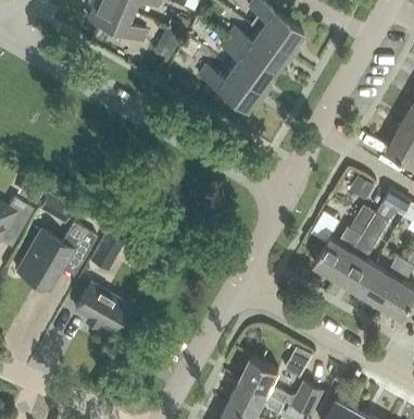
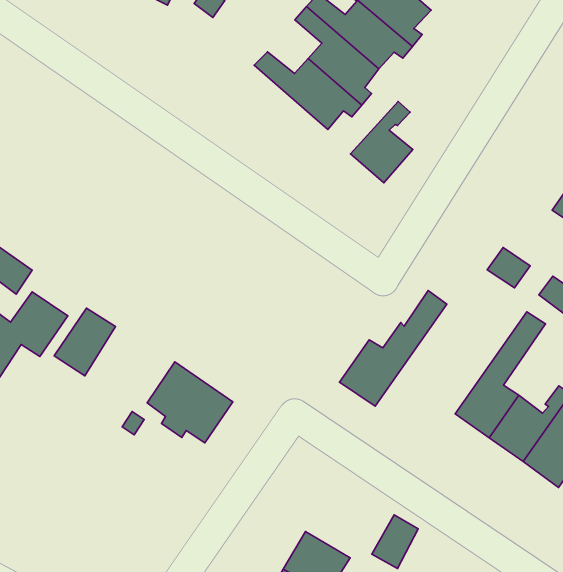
building: none -> [350,102,413,183]
building: [313,206,375,279] -> [339,290,447,406]
building: [75,283,127,331] -> [147,362,233,443]

